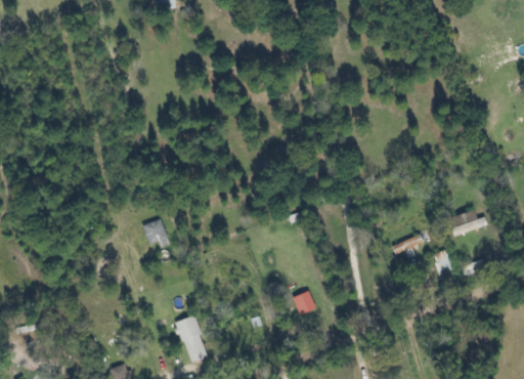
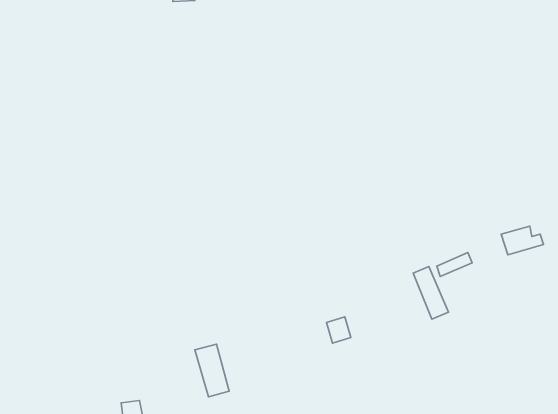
building: [142,218,171,249] -> none
building: none -> [413,267,448,319]

